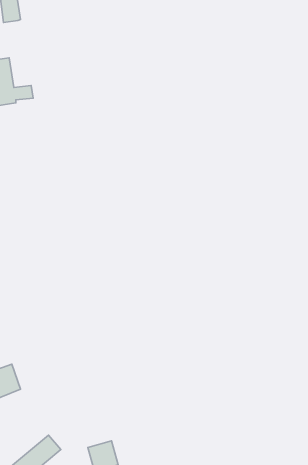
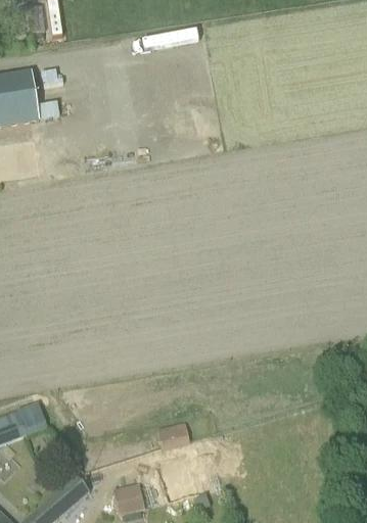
building: none -> [156,421,190,449]

